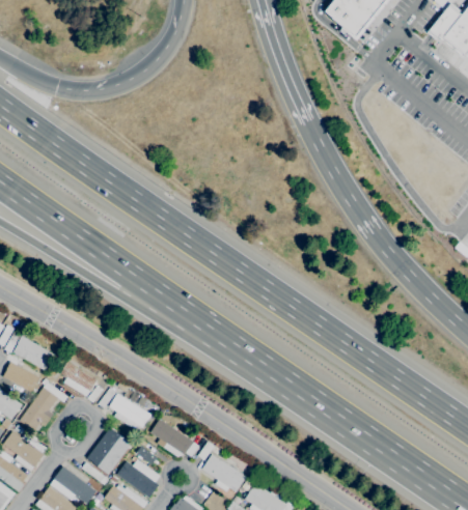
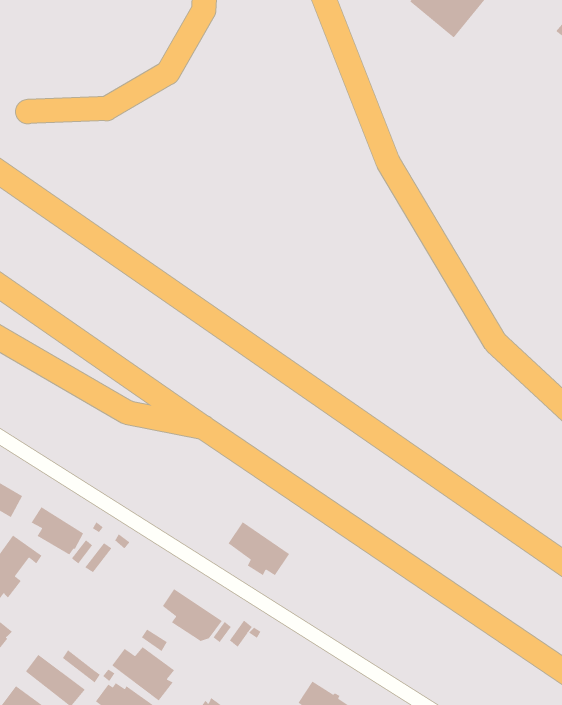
building: [109,394,150,431] -> none
building: [86,428,131,475] -> none
building: [201,454,245,492] -> [228,521,290,576]

